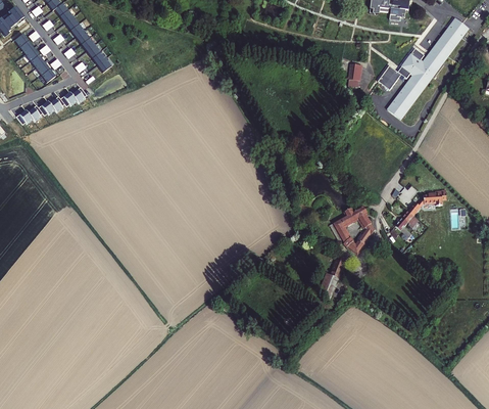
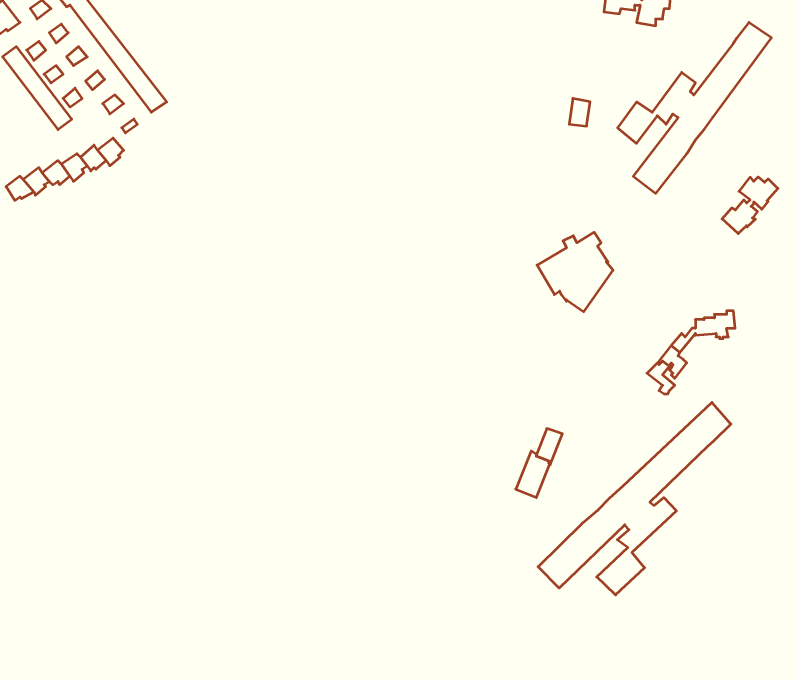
building: none -> [722,177,778,234]
building: [330,206,375,253] -> [537,232,613,312]
building: none -> [538,402,731,595]

